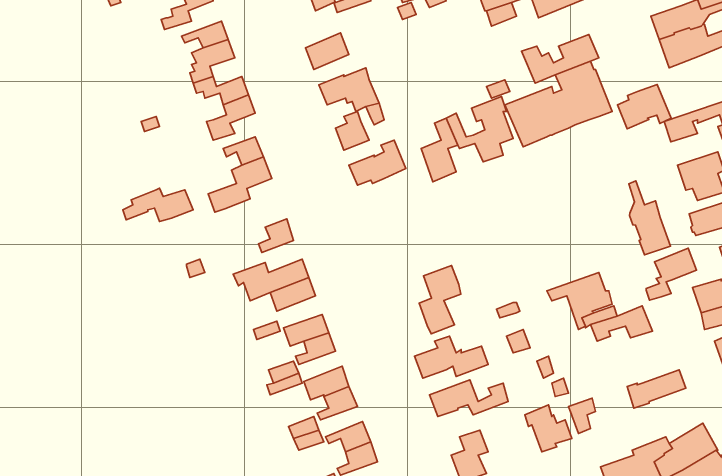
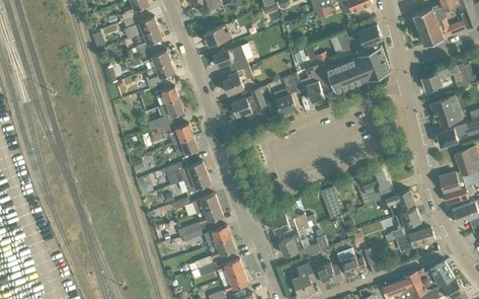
building: [618,84,671,129] -> none
building: [629,181,671,255] -> none
building: [123,188,193,222] -> [151,123,193,143]
building: [646,248,696,300] -> [390,208,420,239]
building: [419,265,461,334] -> none
building: none -> [309,260,343,284]

